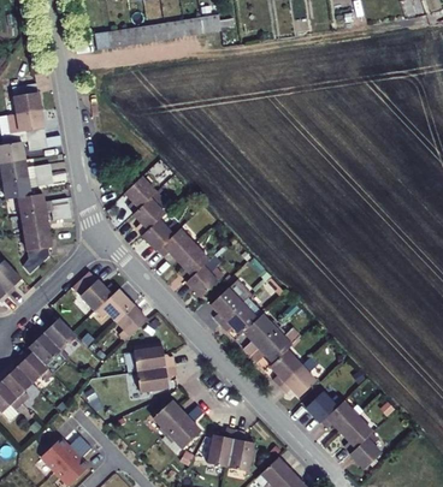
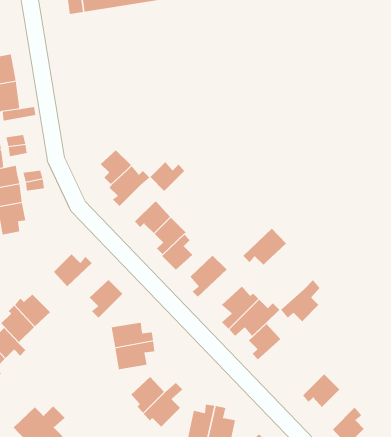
building: [142,222,177,253] -> [150,161,185,192]
building: [93,291,132,326] -> none
building: [220,298,264,335] -> [243,228,287,266]
building: [279,357,319,399] -> [280,279,321,322]
building: [307,392,343,423] -> none
building: [342,416,376,455] -> none

